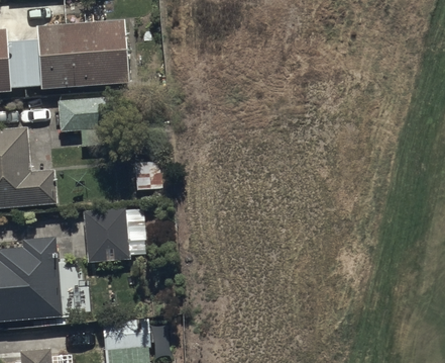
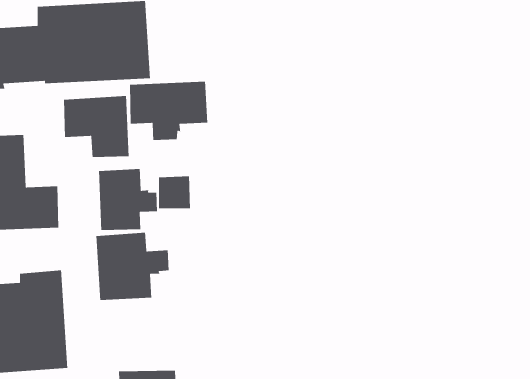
building: none -> [129,81,208,141]
building: none -> [98,168,158,231]

